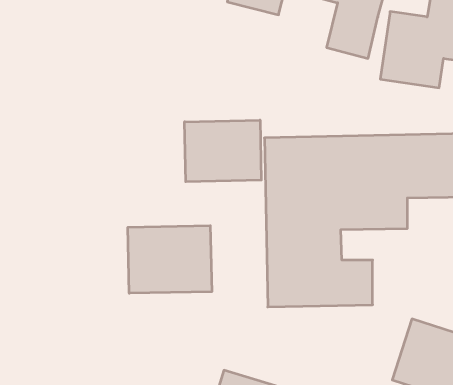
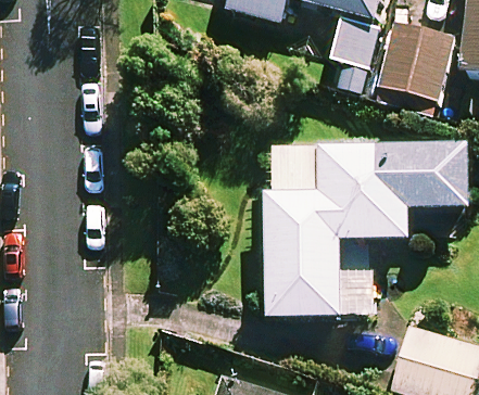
building: [185,120,261,182] -> none
building: [128,226,212,293] -> none

